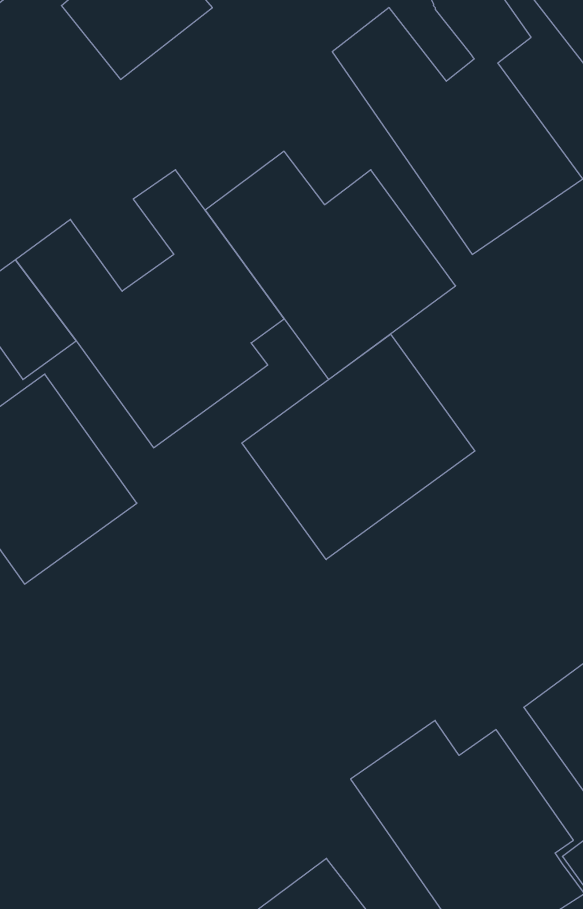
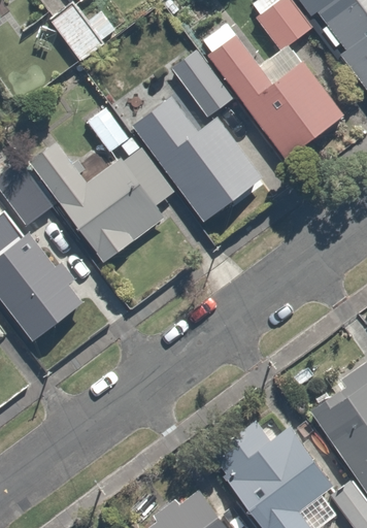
building: none -> [170,50,234,120]
building: [242,334,475,560] -> none

